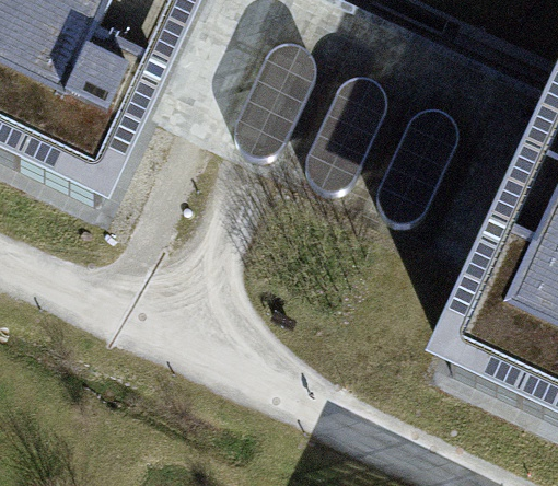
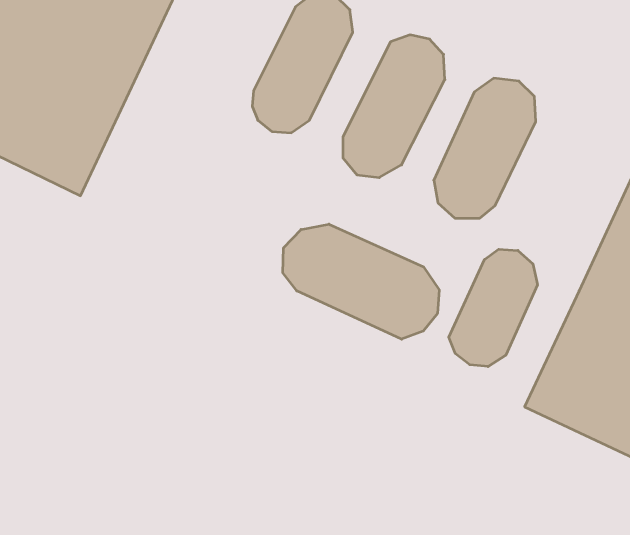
building: none -> [283,224,439,339]
building: none -> [449,249,537,367]

